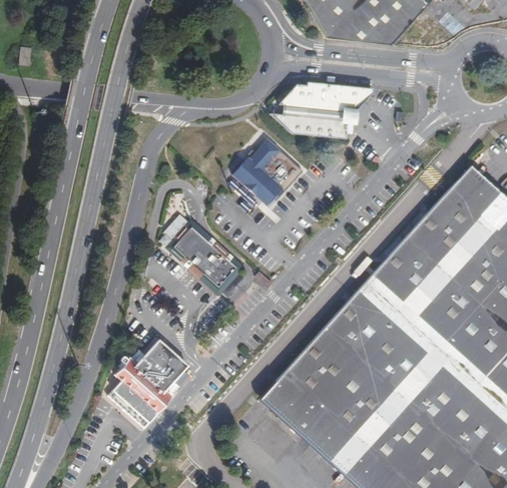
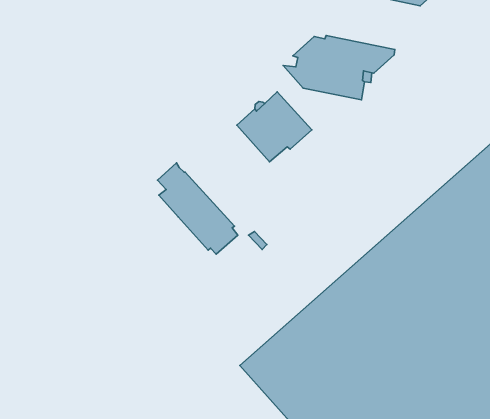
building: [109,341,190,428] -> none

